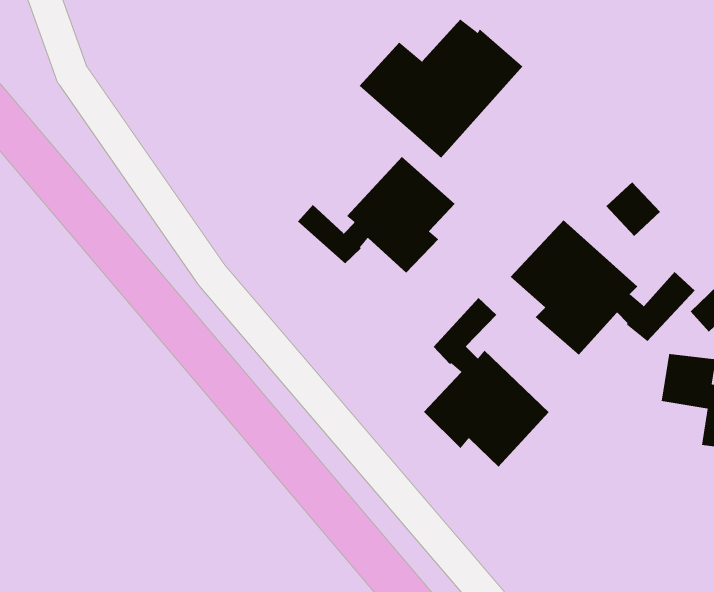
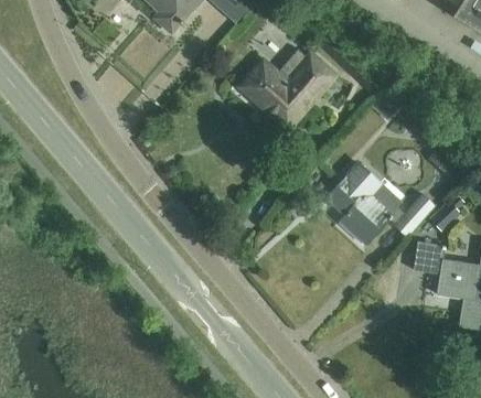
building: [297,156,455,274] -> none
building: [423,297,550,468] -> none

